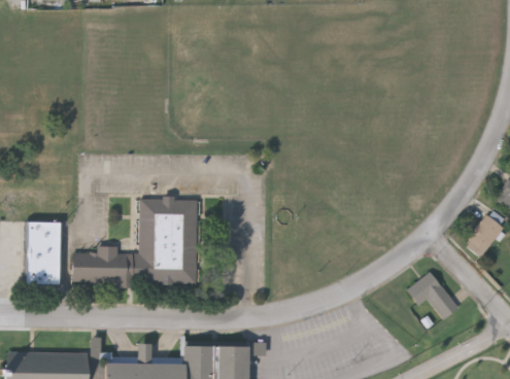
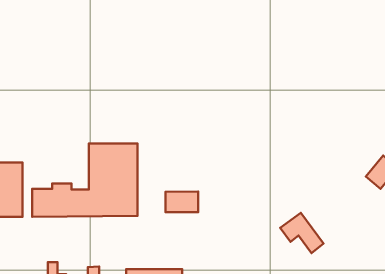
building: none -> [166,192,198,212]
building: [407,274,458,321] -> [280,213,324,253]

